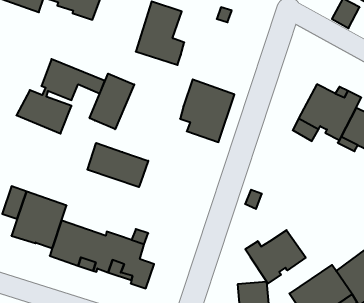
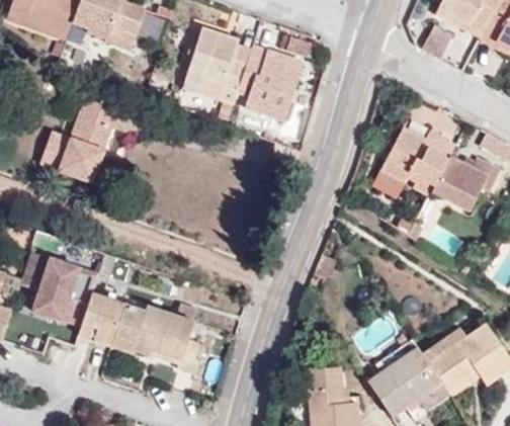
building: [90,74,134,129] -> none
building: [180,79,234,142] -> [237,44,303,119]
building: [87,143,148,187] -> none
building: [245,230,306,283] -> none

